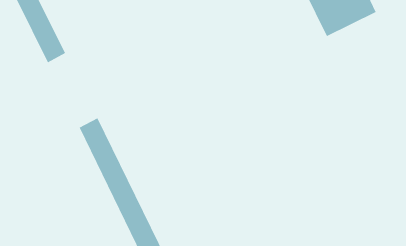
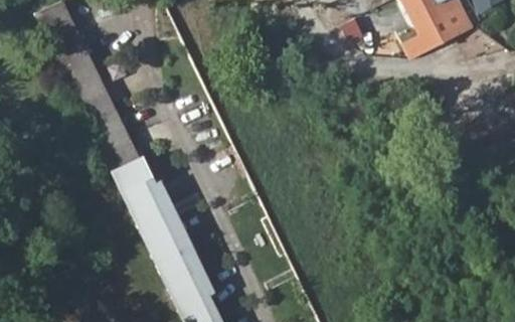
building: none -> [75,74,137,165]

